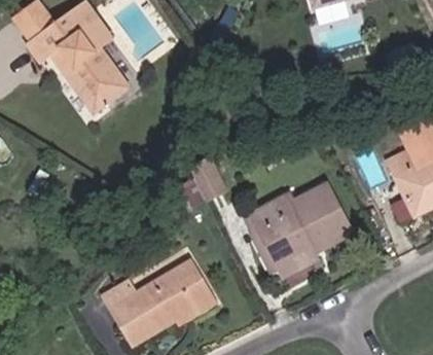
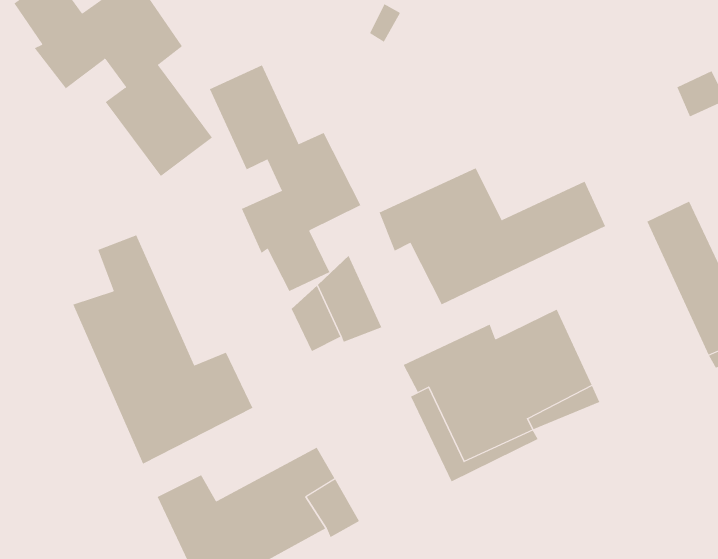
building: none -> [209,64,361,292]
building: none -> [379,167,606,305]
building: none -> [72,235,253,464]

